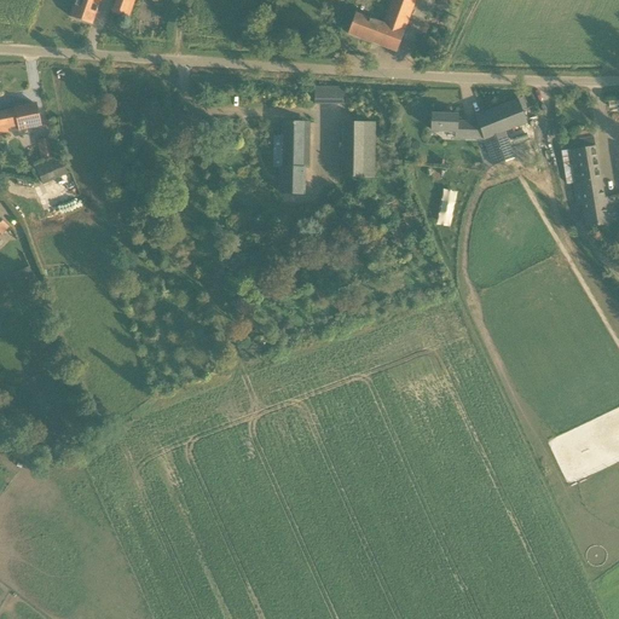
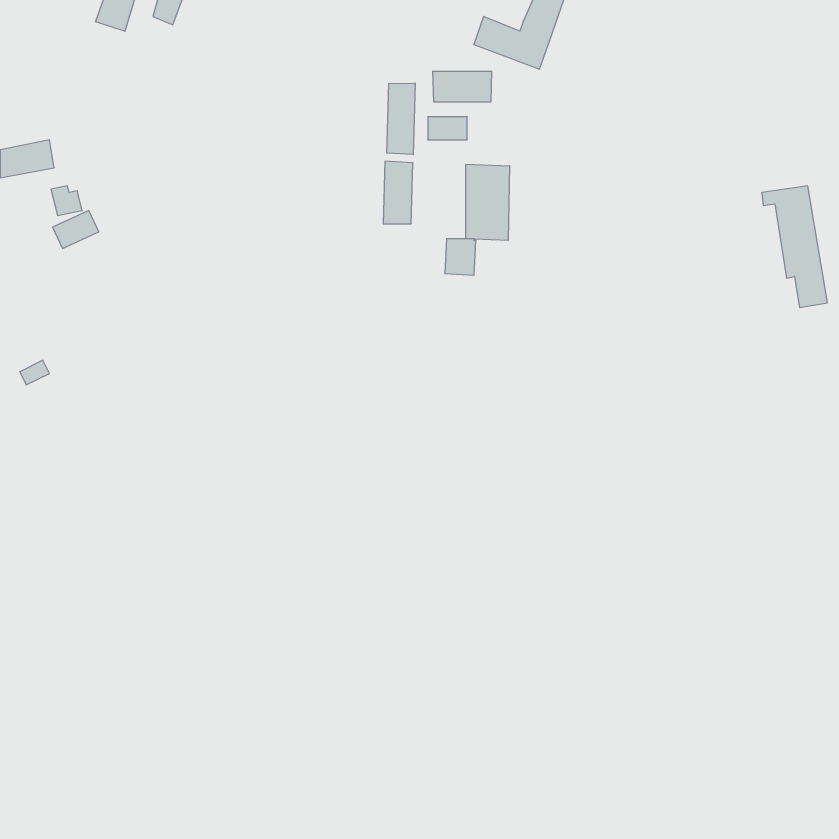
building: none -> [433,71,492,102]
building: none -> [387,83,415,155]
building: [433,97,528,164] -> none
building: [282,164,305,191] -> [445,239,476,275]

